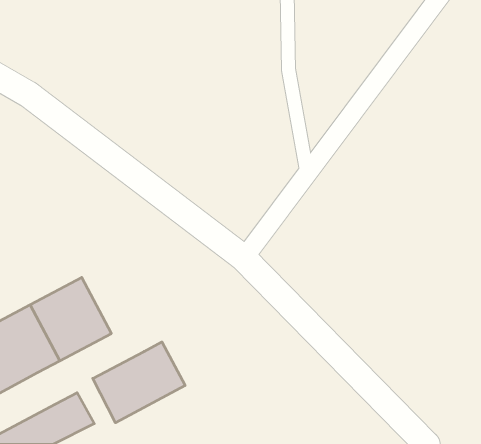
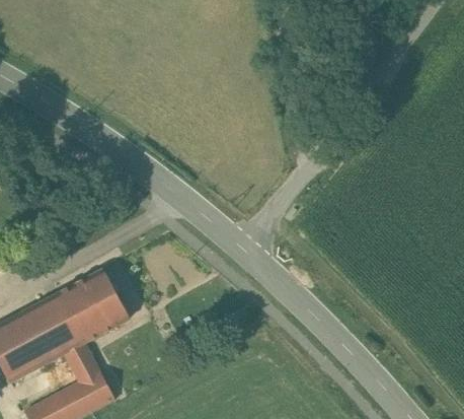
building: [93,342,185,423] -> none
building: none -> [64,344,98,382]

